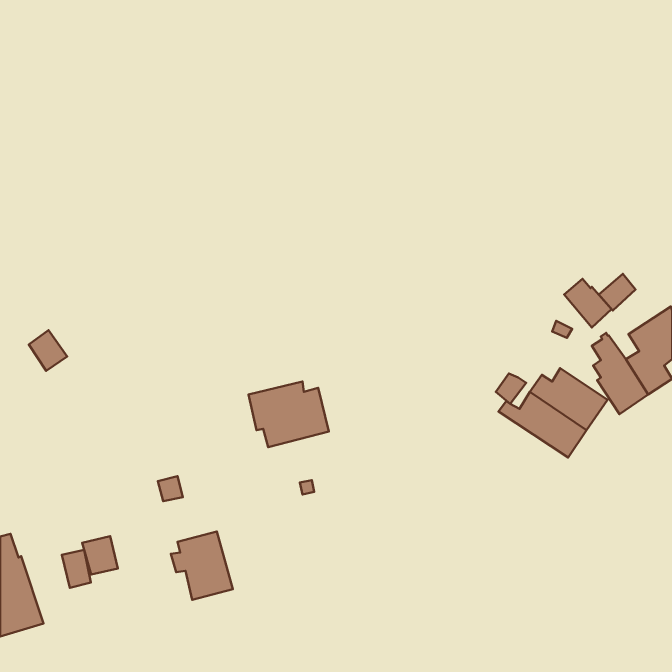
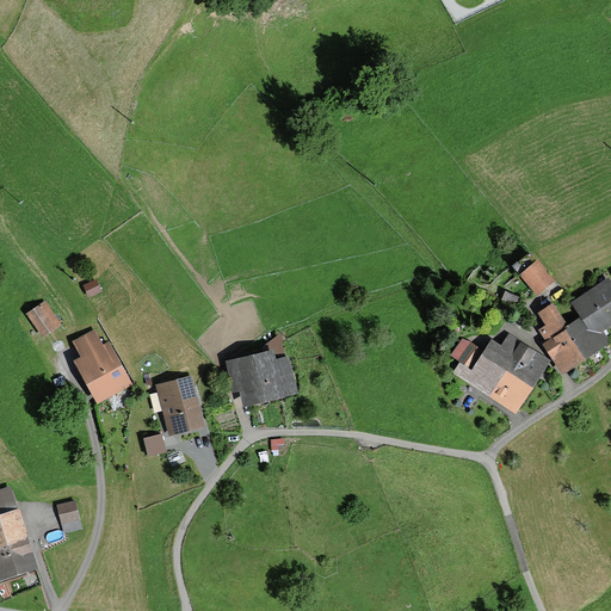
building: [599,274,636,310] -> none
building: none -> [72,328,132,402]
building: [171,531,233,600] -> [149,374,205,436]
building: [82,536,118,574] -> none

